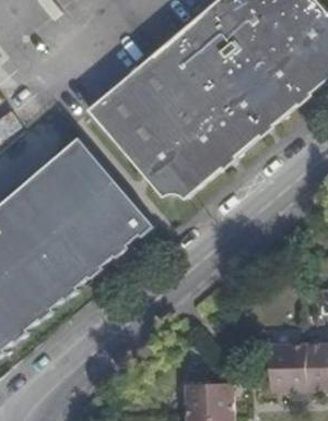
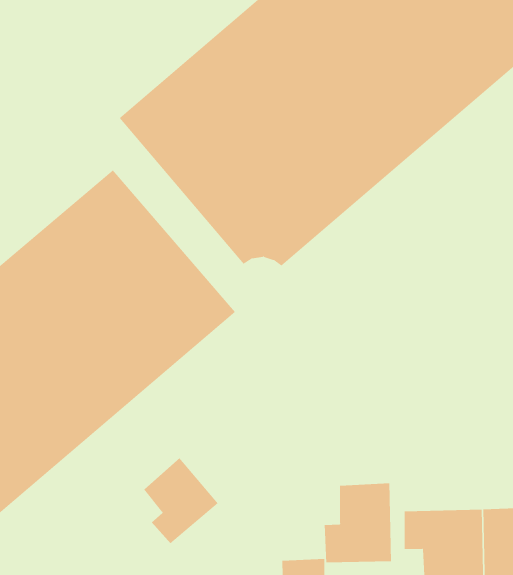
building: none -> [143,458,218,544]
building: none -> [324,483,392,563]

